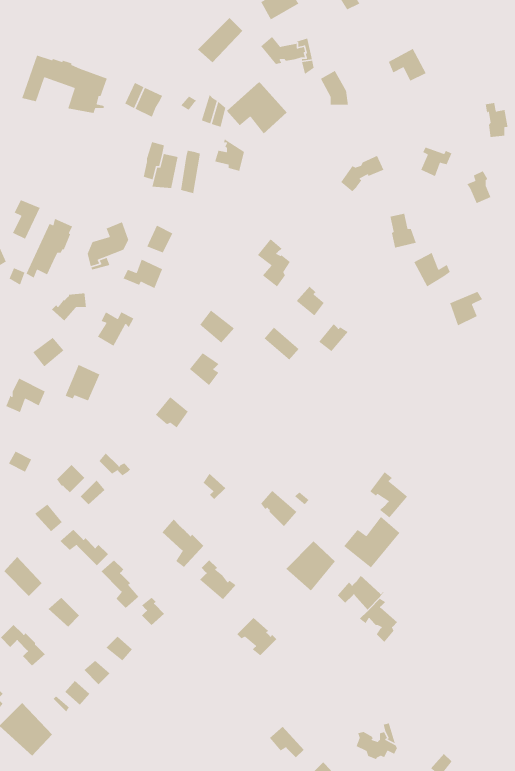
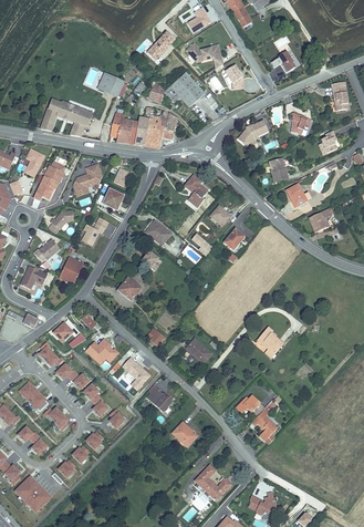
building: [21,54,108,114] -> [41,99,97,137]
building: none -> [144,114,174,147]
building: none -> [86,340,119,364]
building: [343,516,401,570] -> none
building: [285,541,336,591] -> none
building: none -> [193,464,231,499]

